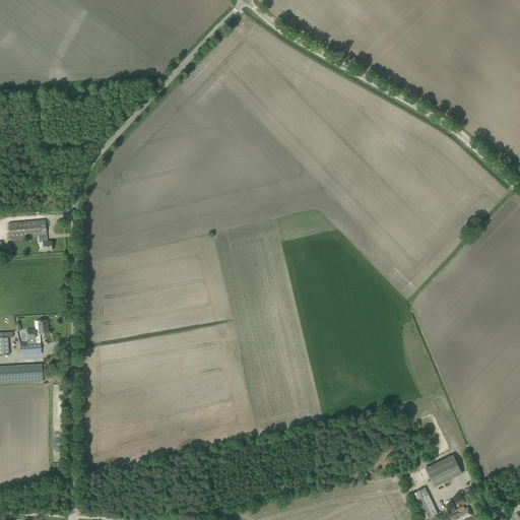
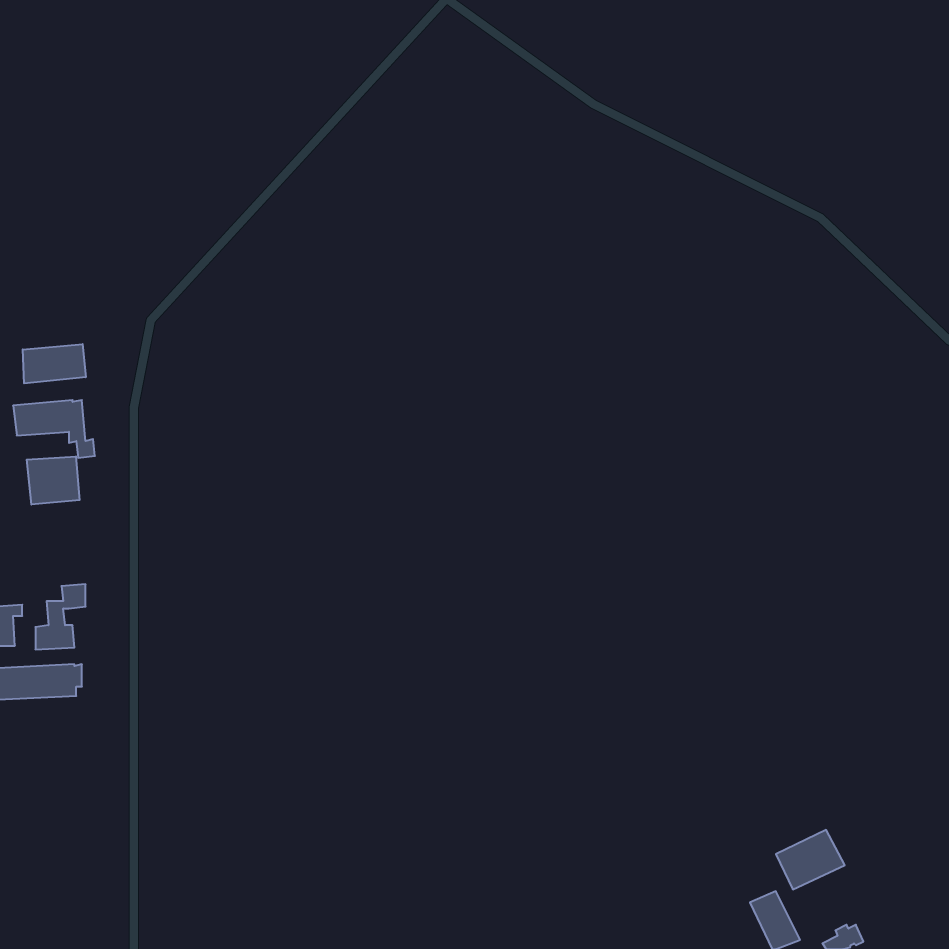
building: none -> [23,344,86,383]
building: none -> [27,456,80,505]

